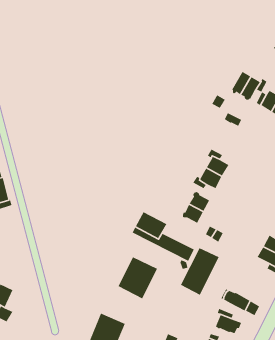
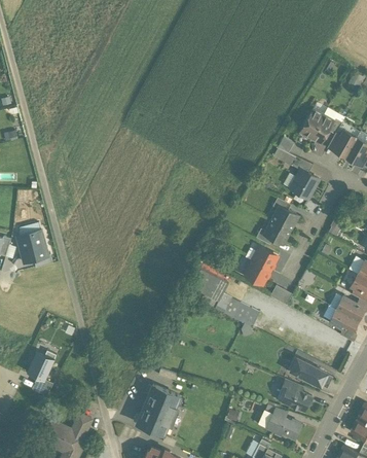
building: none -> [291,170,318,199]
building: [180,247,220,296] -> none
building: [117,256,158,299] -> none

